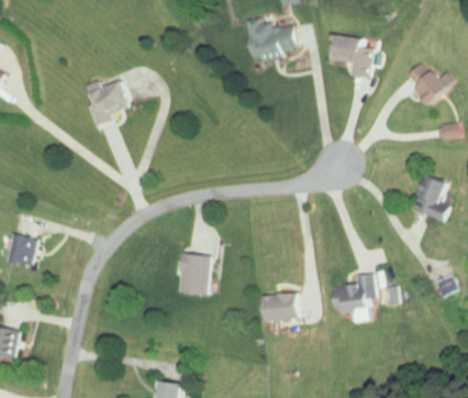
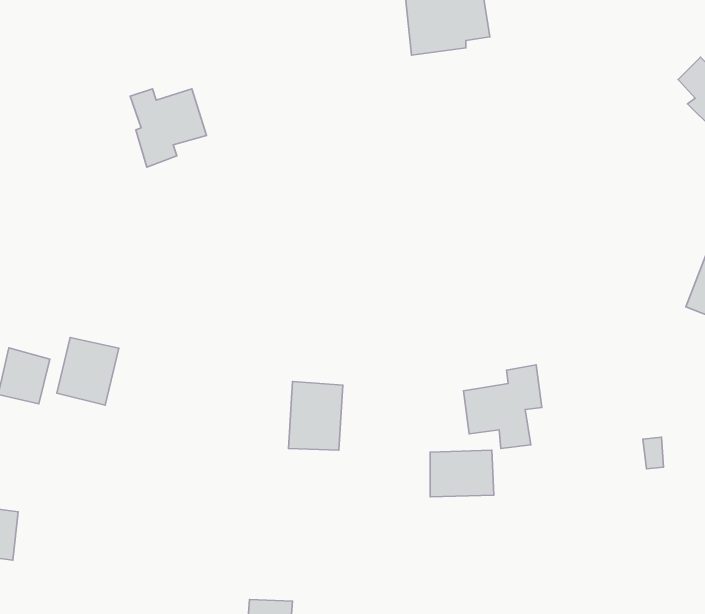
building: [328,34,374,77] -> none
building: none -> [57,338,119,405]
building: [331,273,377,322] -> [464,365,542,449]

